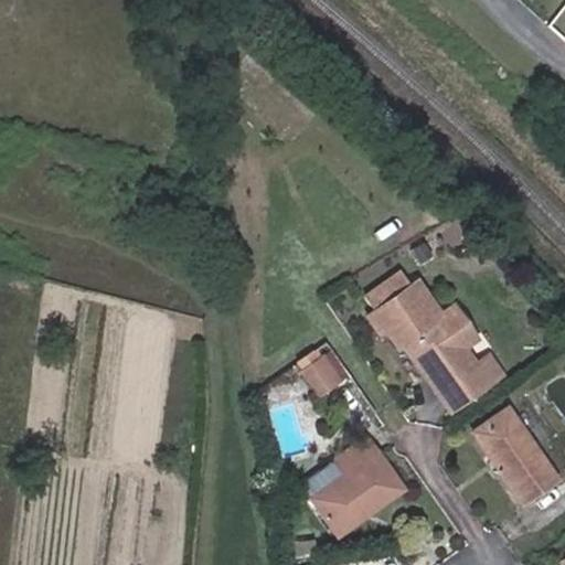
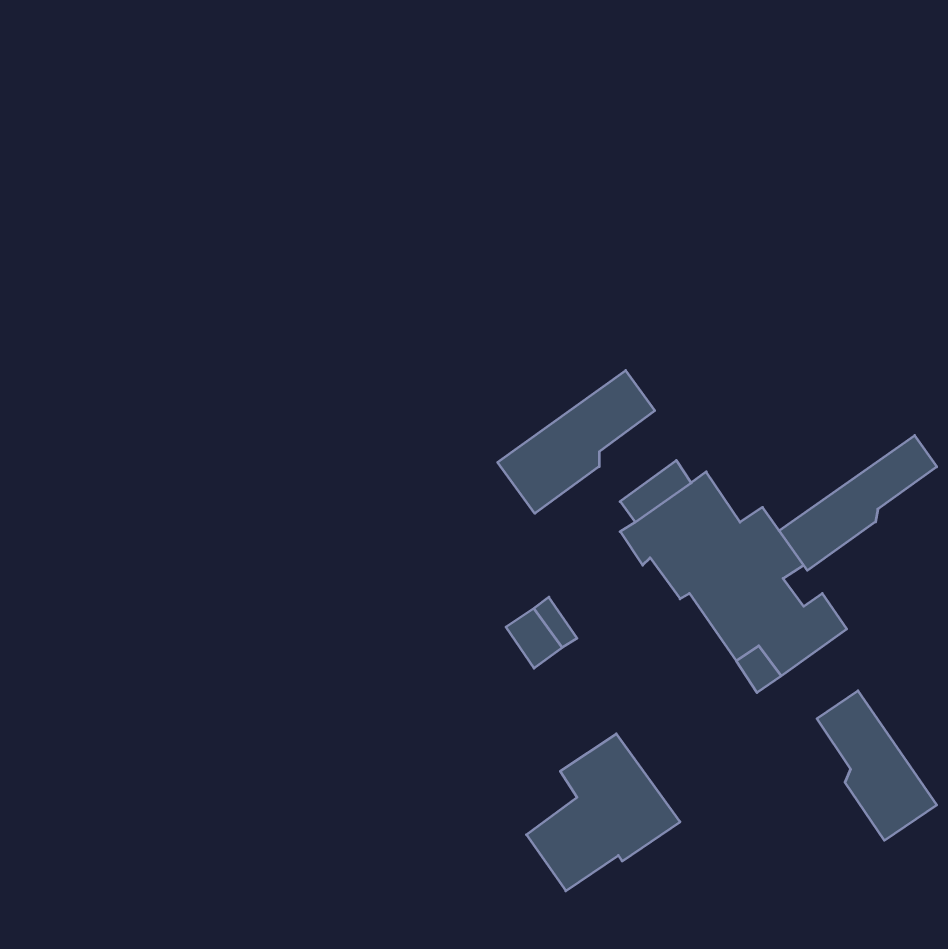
building: none -> [498,370,655,513]
building: none -> [779,435,937,570]

